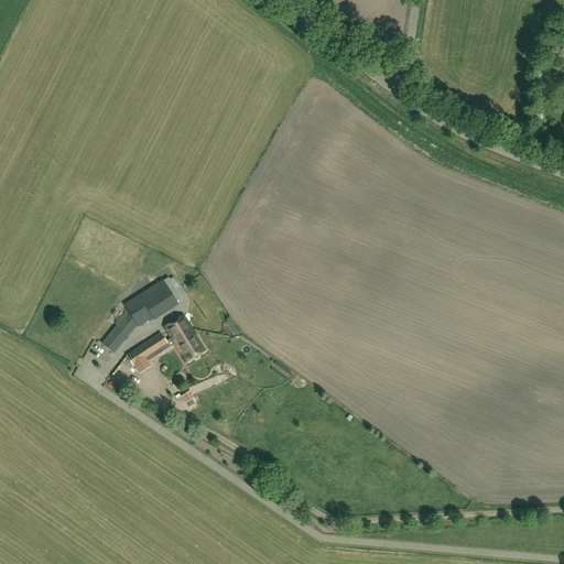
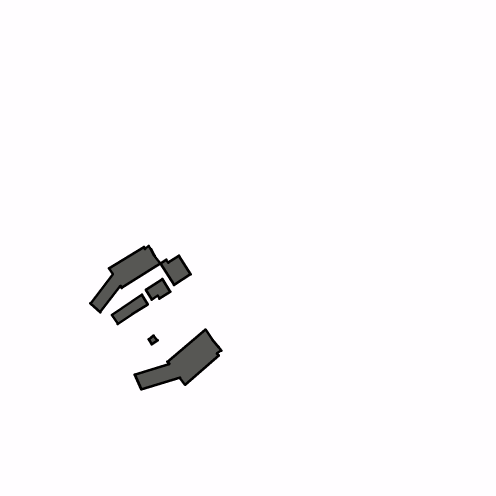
building: [173,332,207,365] -> [160,256,191,285]
building: none -> [135,330,221,389]

